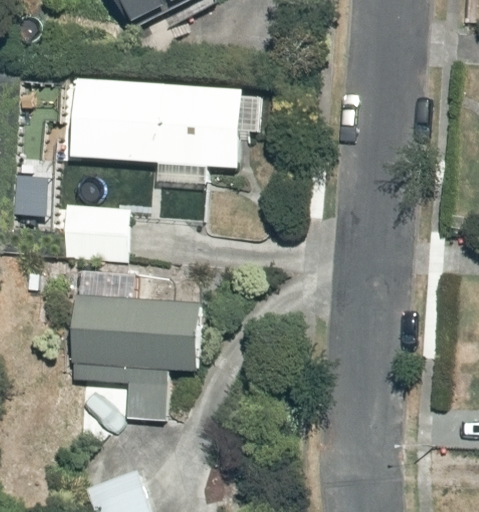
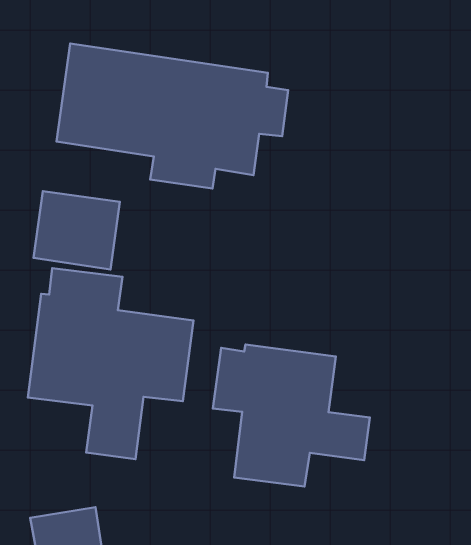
building: none -> [213,345,370,486]

